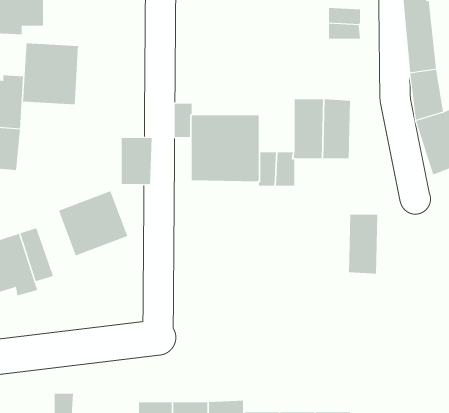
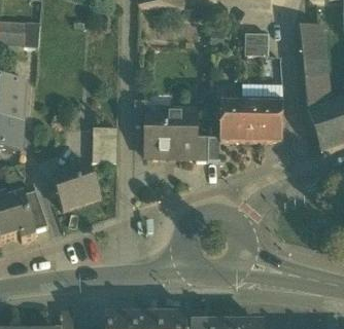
building: [22,43,79,105] -> none
building: [348,214,378,274] -> [261,98,282,141]

